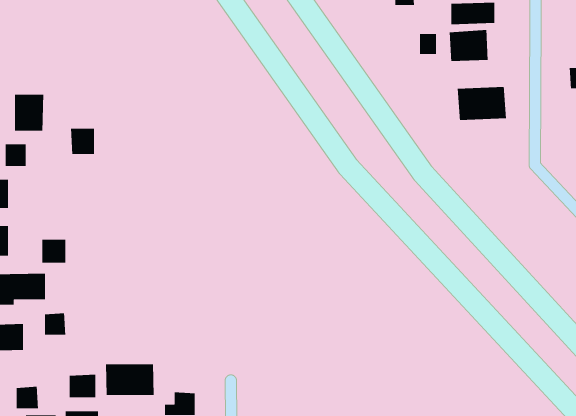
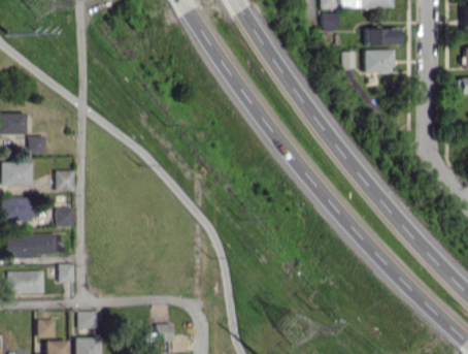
building: [457,86,507,121] -> none
building: [14,94,44,131] -> none
building: [70,128,95,155] -> [57,170,75,191]
building: [105,363,155,396] -> none

